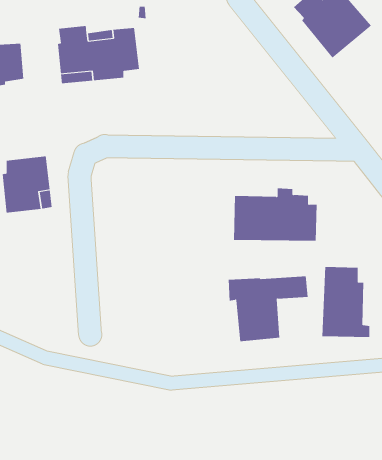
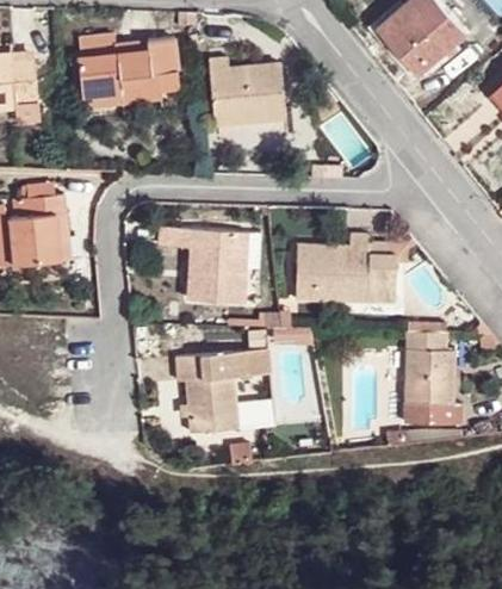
building: none -> [207,57,285,124]
building: none -> [178,228,247,302]
building: [228,276,309,342] -> [171,352,269,433]

